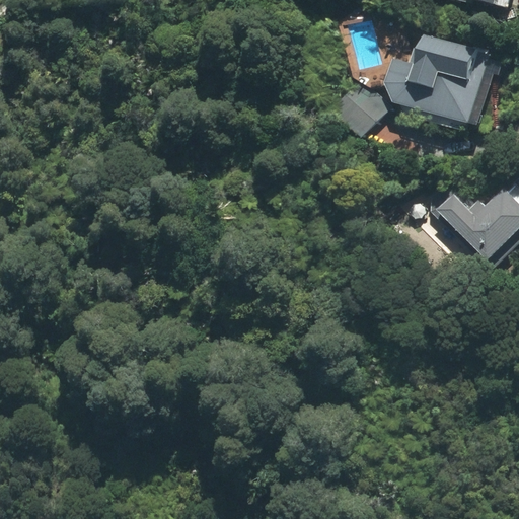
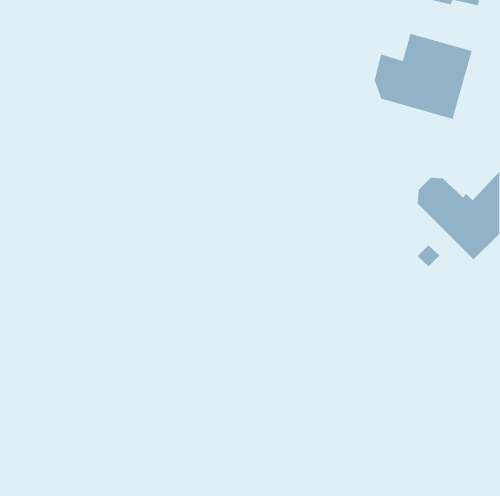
building: [335,79,394,138] -> none

